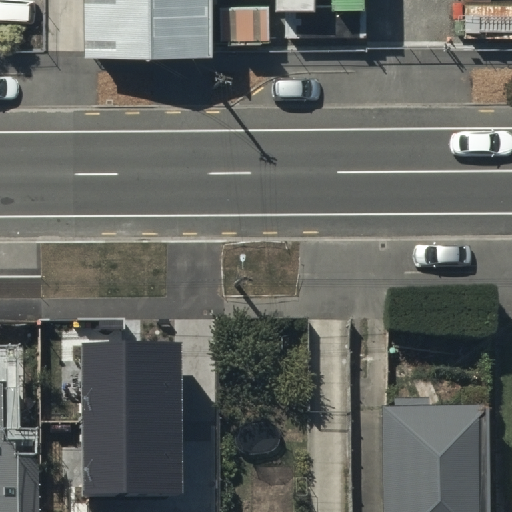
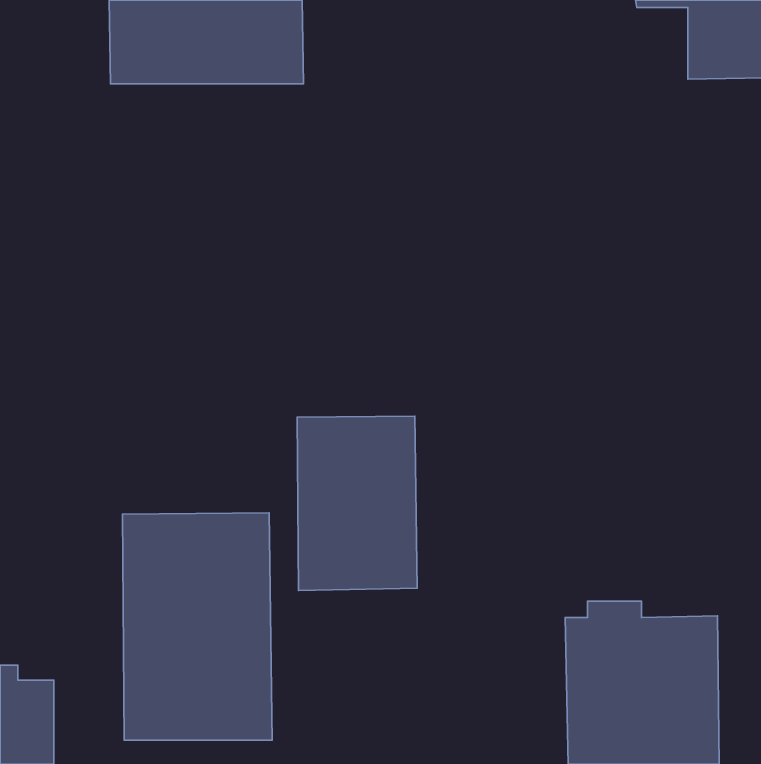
building: none -> [297,416,417,590]

